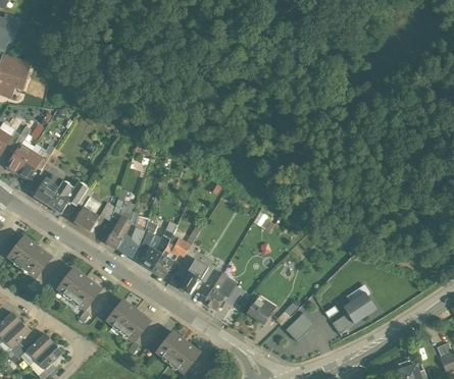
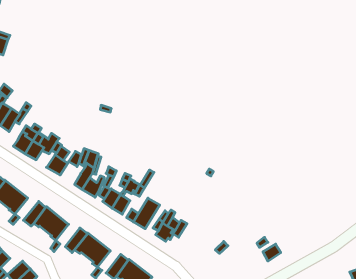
building: [343,291,375,323] -> none
building: [246,295,274,324] -> none
building: [286,313,314,340] -> none

